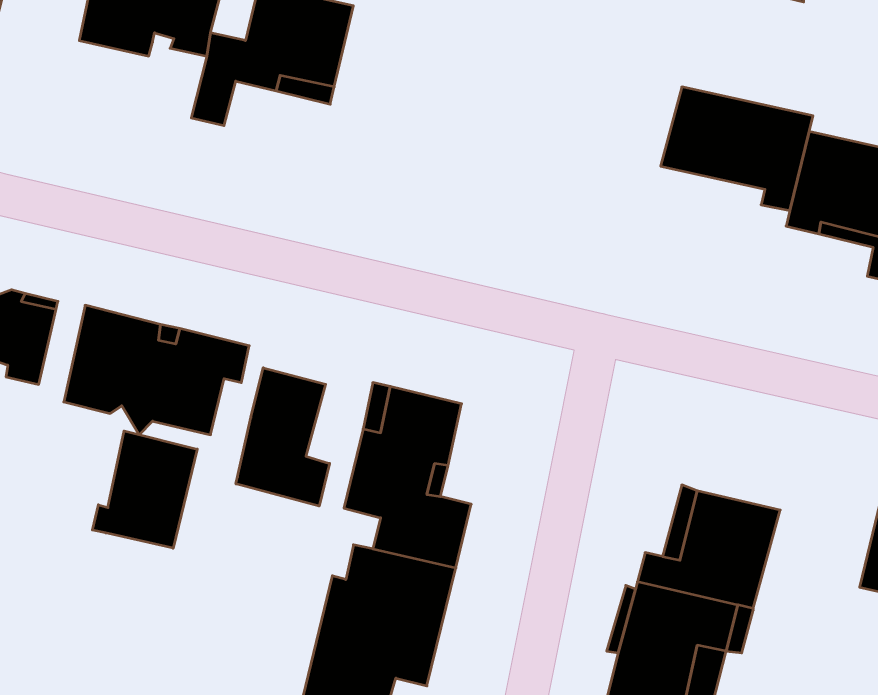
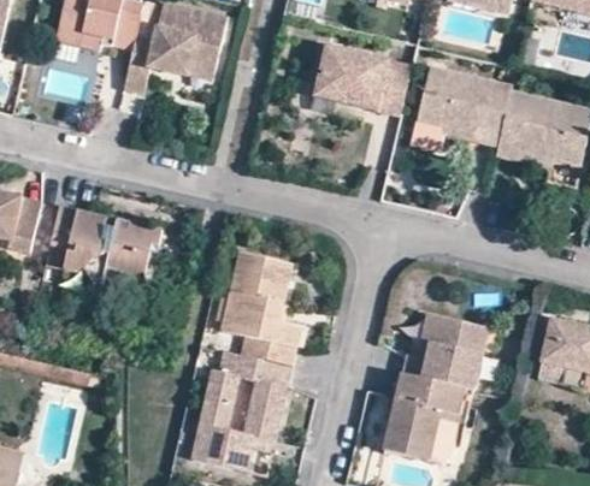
building: none -> [317,46,411,112]
building: none -> [411,115,482,149]
building: [236,368,330,506] -> none
building: [92,431,197,548] -> none

